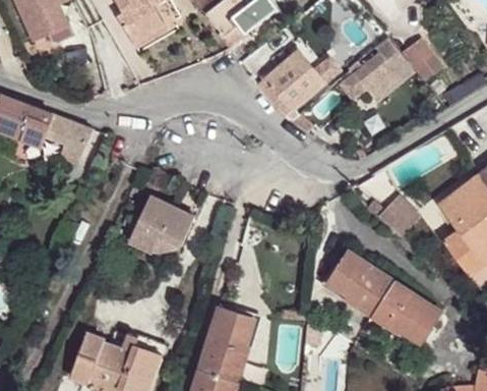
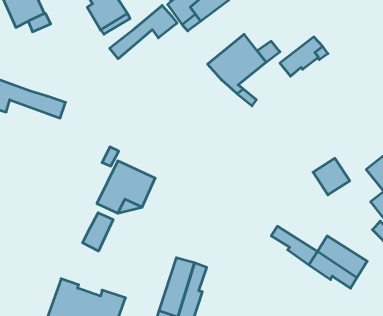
building: none -> [110,5,177,59]
building: [401,35,442,78] -> none
building: [337,252,394,300] -> none
building: none -> [83,213,113,251]

